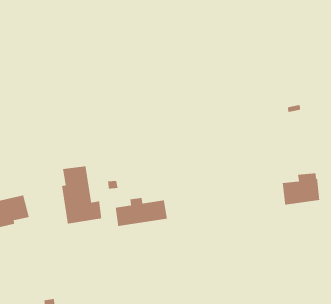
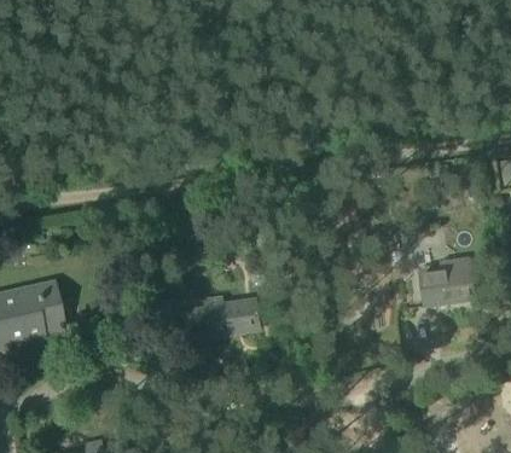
building: [61,166,102,224] -> none

